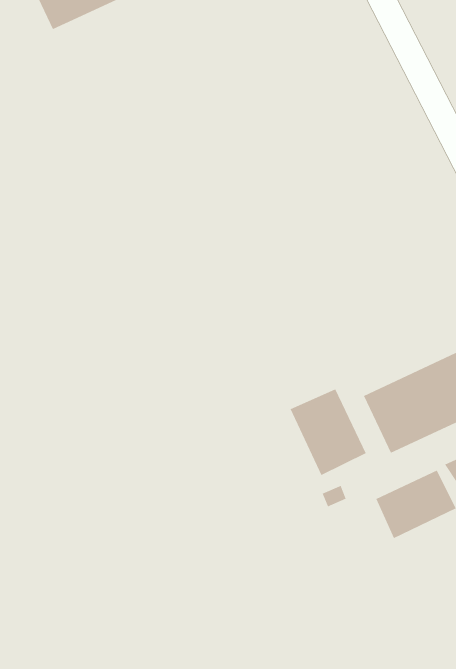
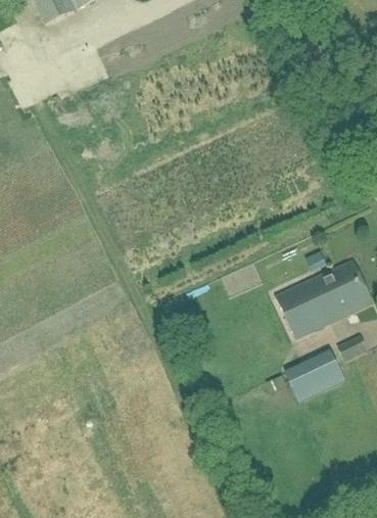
building: [290,388,367,476] -> none

